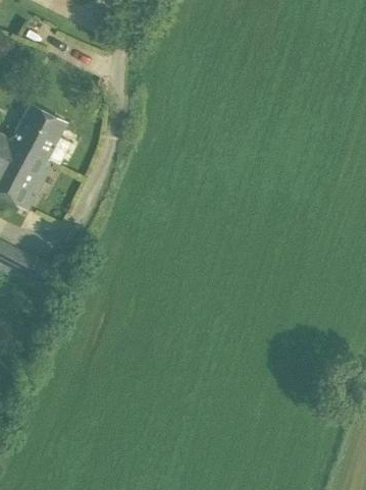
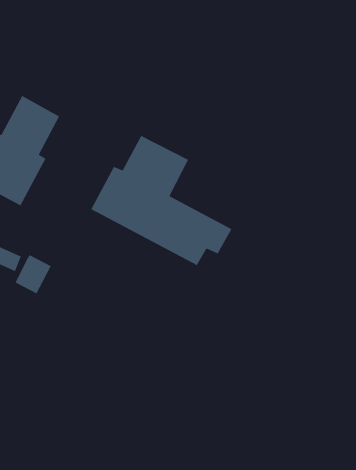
building: none -> [90,135,232,266]

